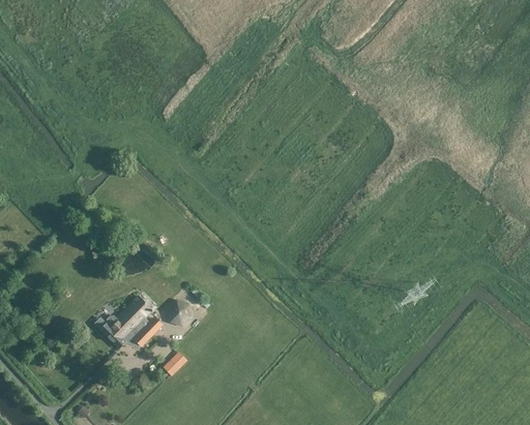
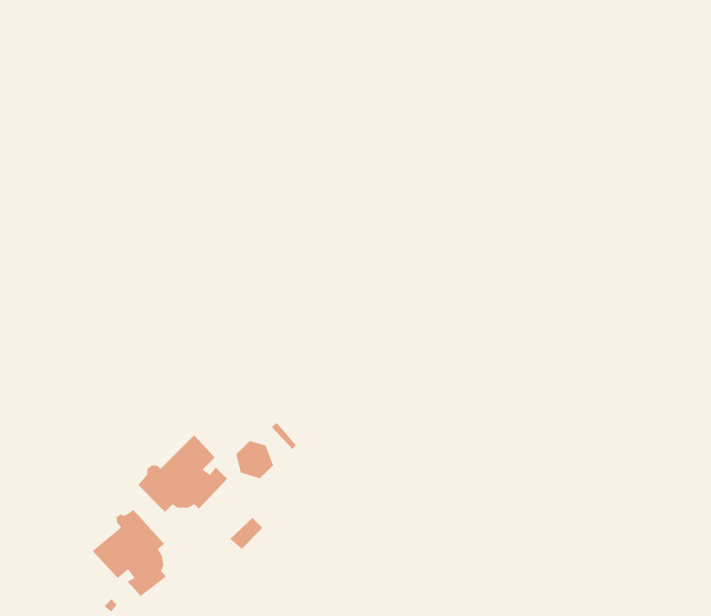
building: none -> [92,509,167,597]

